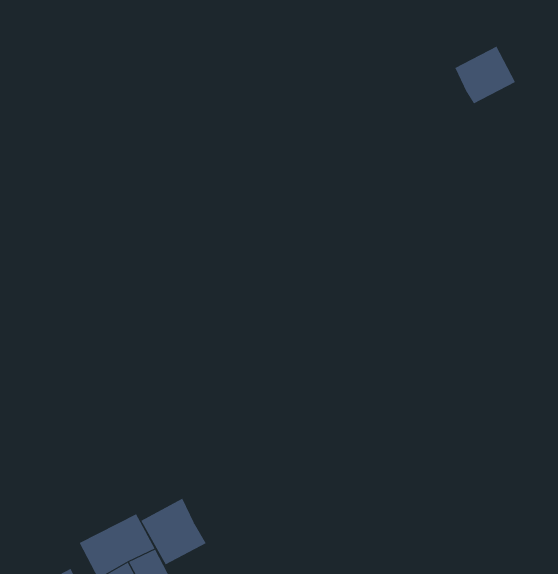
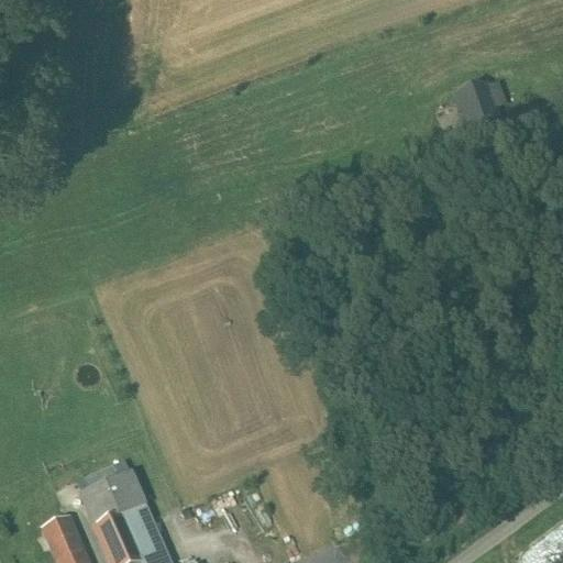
building: [140,498,207,565] -> none

